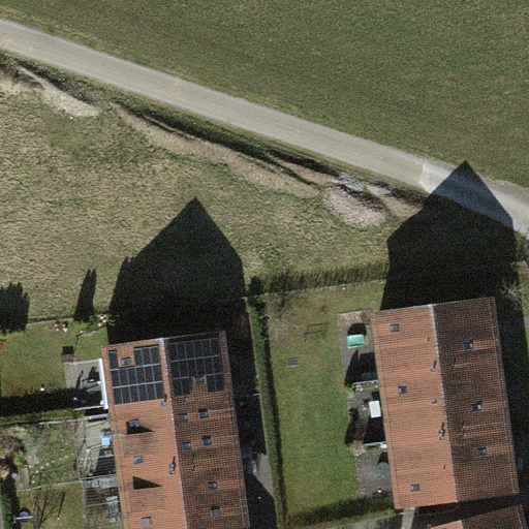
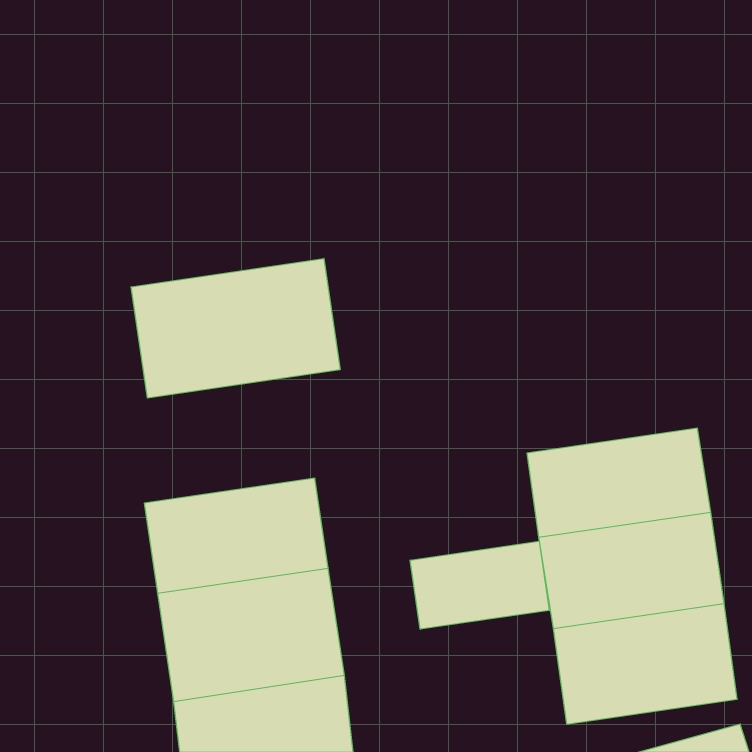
building: none -> [131,258,340,398]
building: none -> [410,541,549,629]

